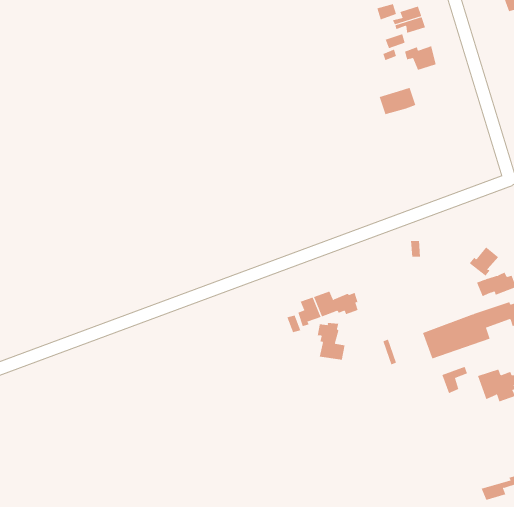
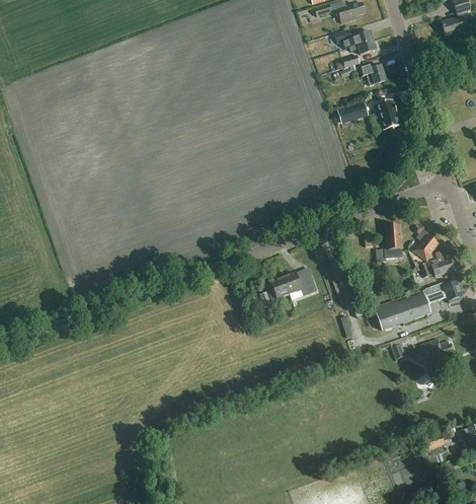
building: none -> [377,98,400,129]
building: none -> [376,224,403,262]
building: [317,322,345,360] -> none

